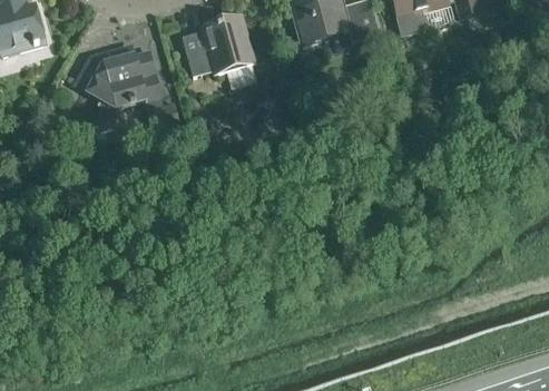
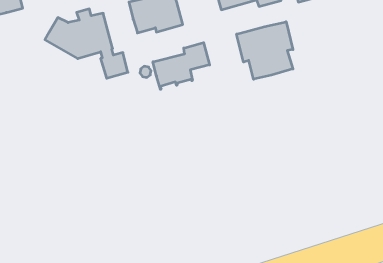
building: none -> [237,22,293,79]
building: none -> [153,43,210,89]

